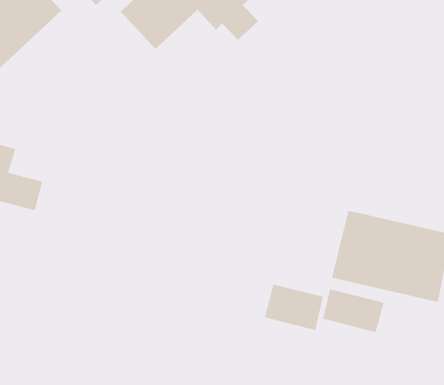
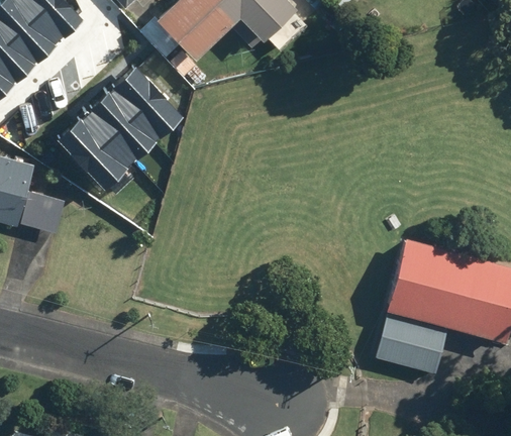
building: none -> [56,58,184,185]
building: [264,284,324,331] -> none

